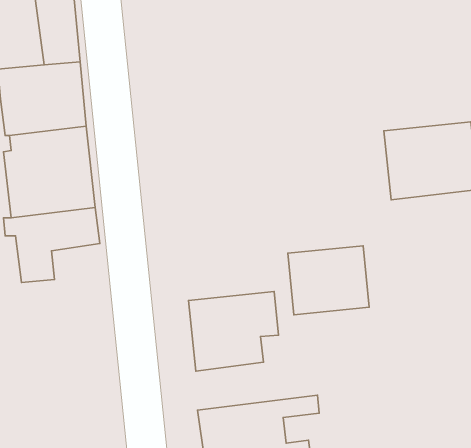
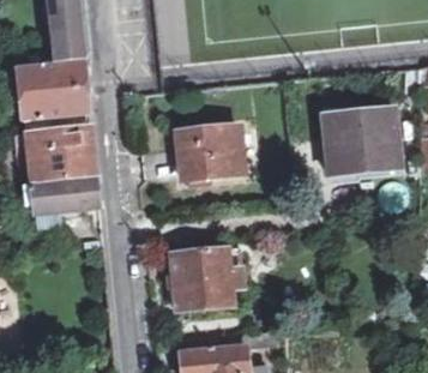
building: [288,246,369,315] -> [177,126,242,181]

